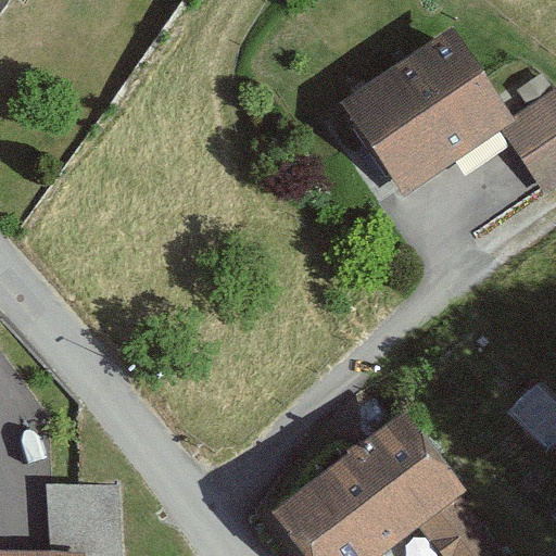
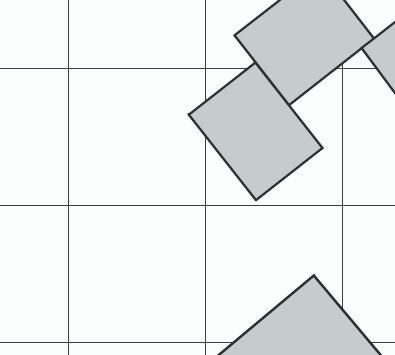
building: none -> [189,62,322,200]

